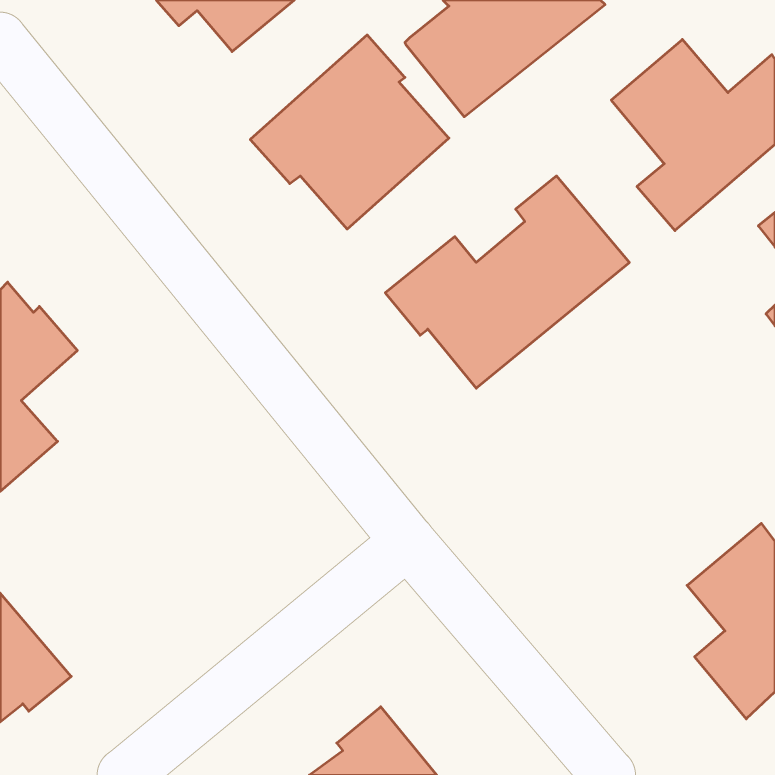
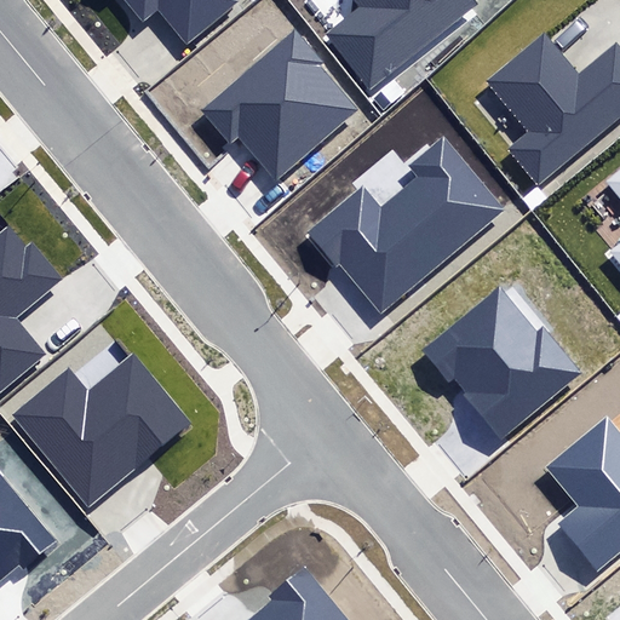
building: none -> [423,286,582,436]
building: none -> [12,355,190,506]

